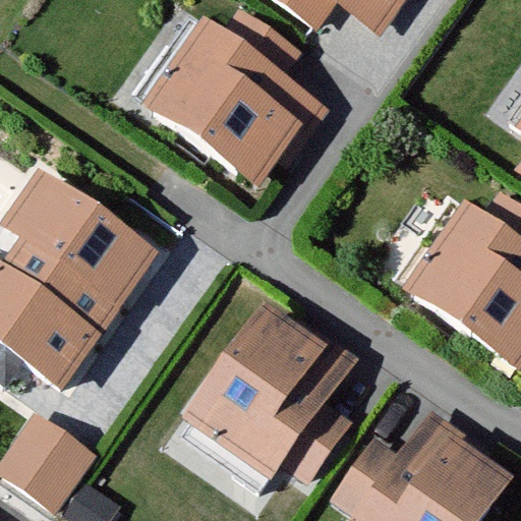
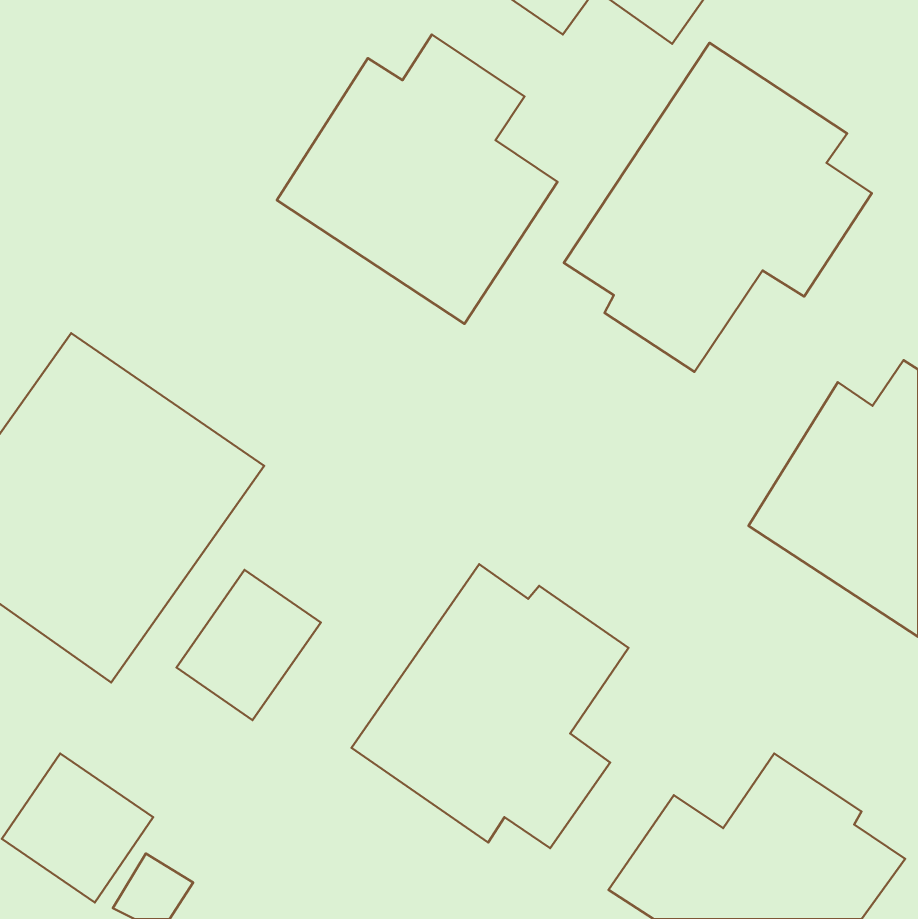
building: none -> [564,43,872,372]
building: none -> [176,570,321,720]

